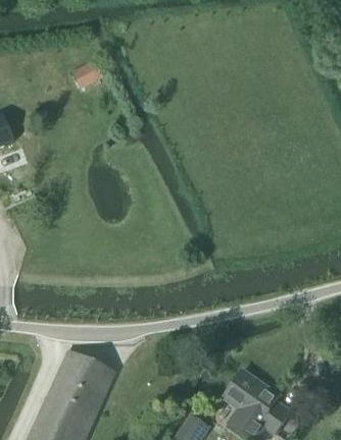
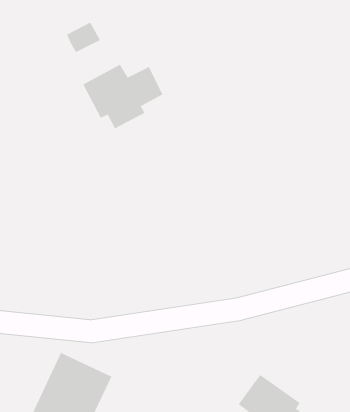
building: none -> [82,64,163,129]

